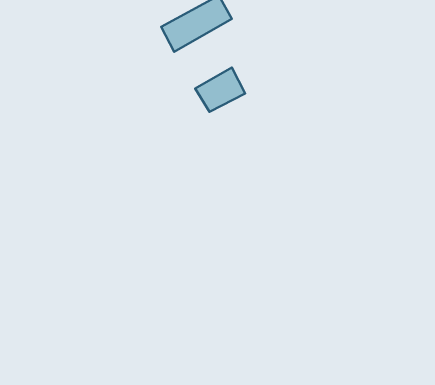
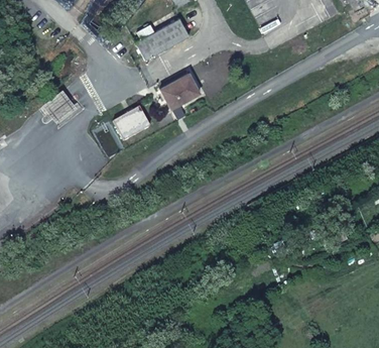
building: none -> [114,108,149,140]

